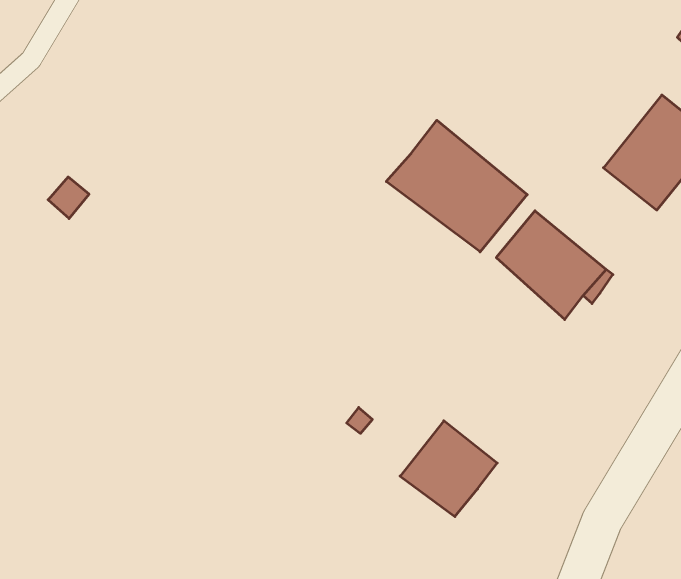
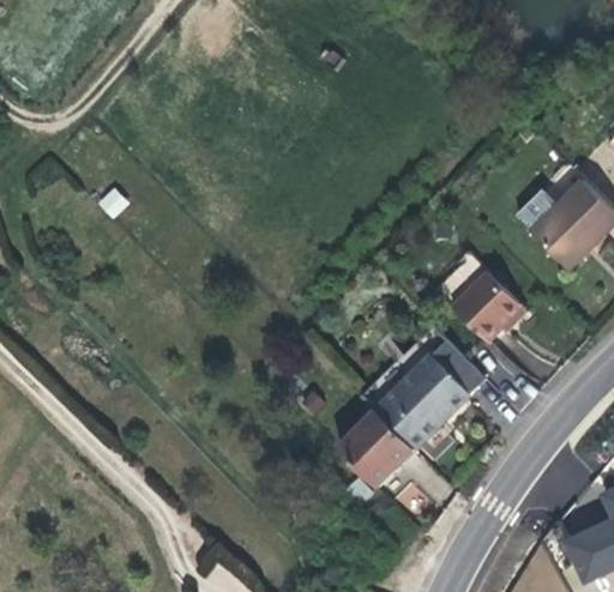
building: [386,120,527,252] -> none
building: none -> [379,340,487,449]

